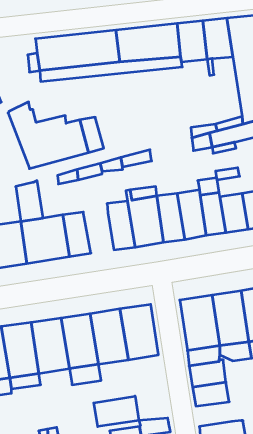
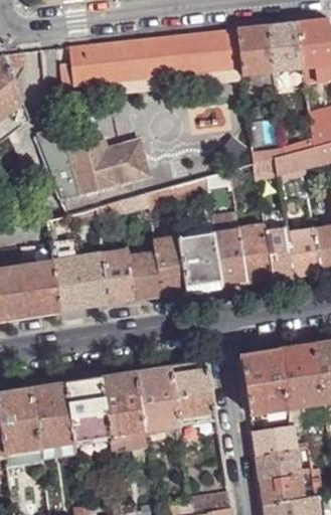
building: none -> [128,251,163,299]
building: [94,396,139,427] -> none
building: none -> [260,474,302,503]

